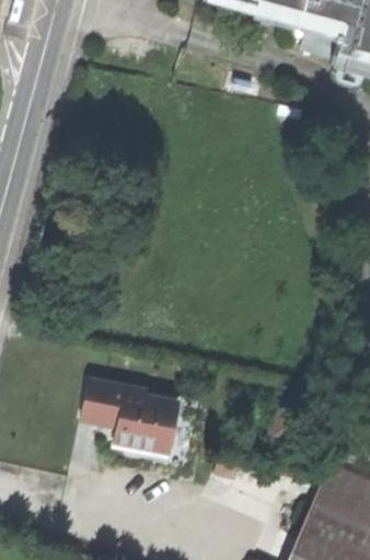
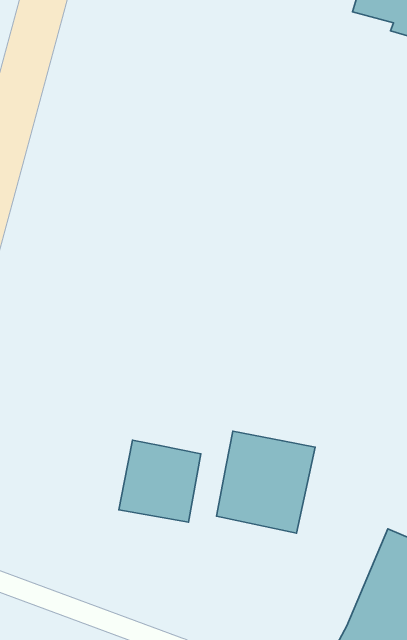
building: [84,380,149,425] -> none
building: none -> [216,431,315,533]

